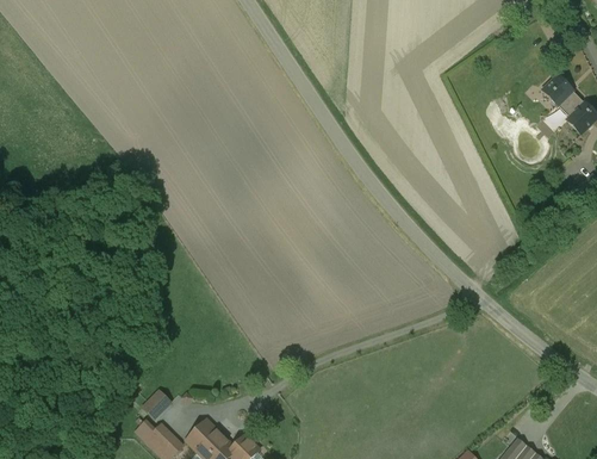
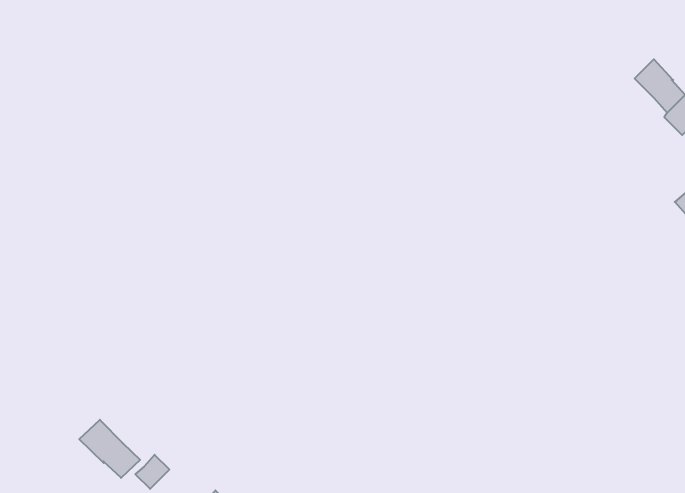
building: none -> [79,420,140,478]

